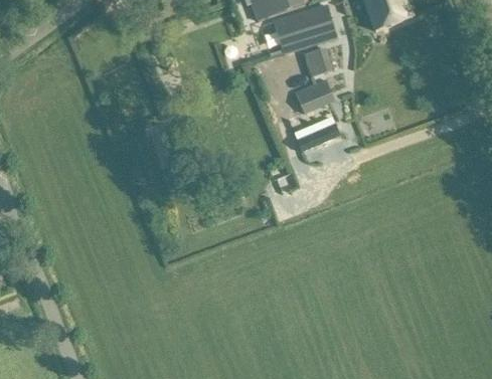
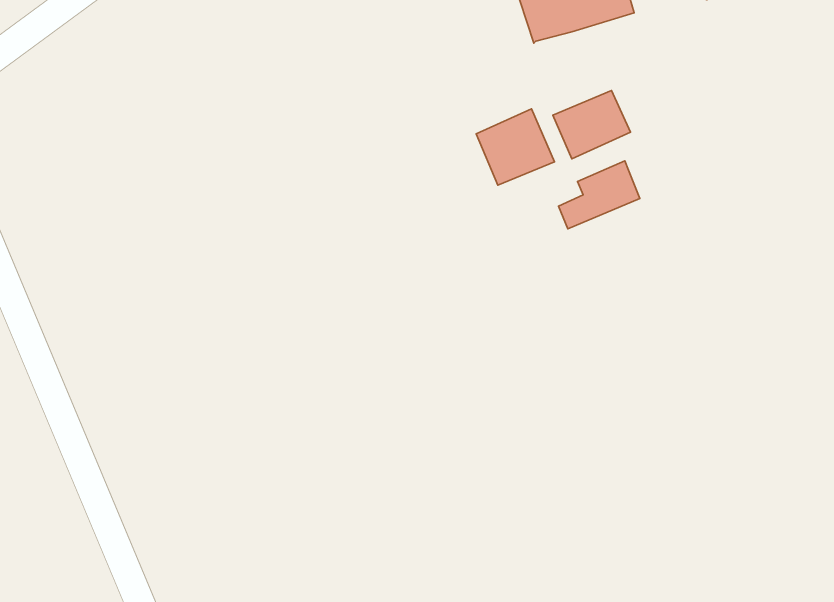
building: [303,45,331,75] -> none
building: none -> [476,109,555,185]

